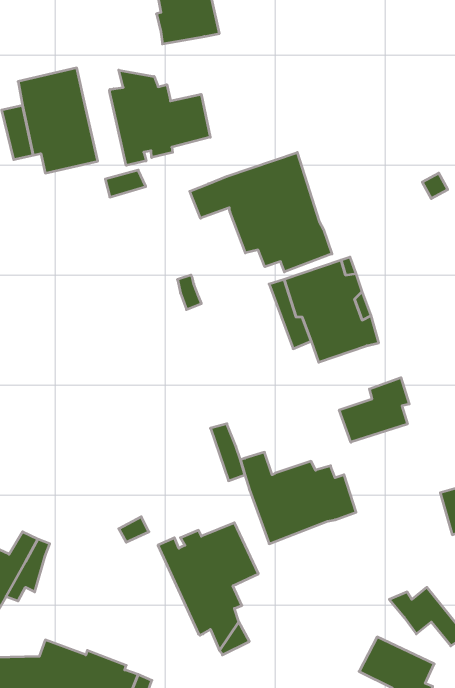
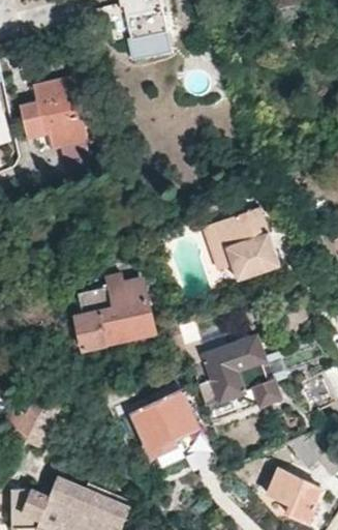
building: [110,70,210,165] -> none
building: [190,152,332,272] -> none
building: none -> [74,281,155,350]
building: [339,378,409,442] -> none

